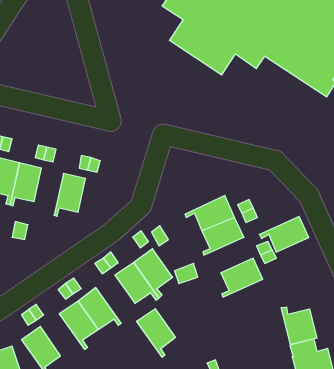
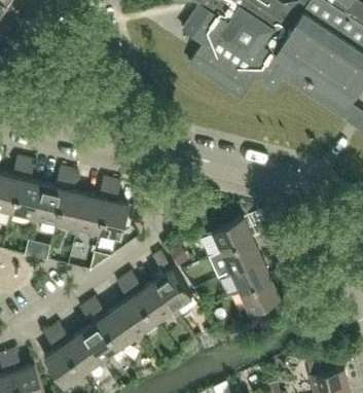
building: none -> [57,189,85,236]
building: none -> [100,200,130,246]
building: [259,217,309,252] -> [223,257,271,292]
building: [281,307,317,345] -> none
building: [137,309,175,357] -> [117,294,155,342]
building: none -> [63,332,106,373]

